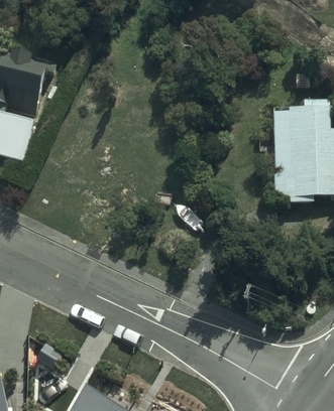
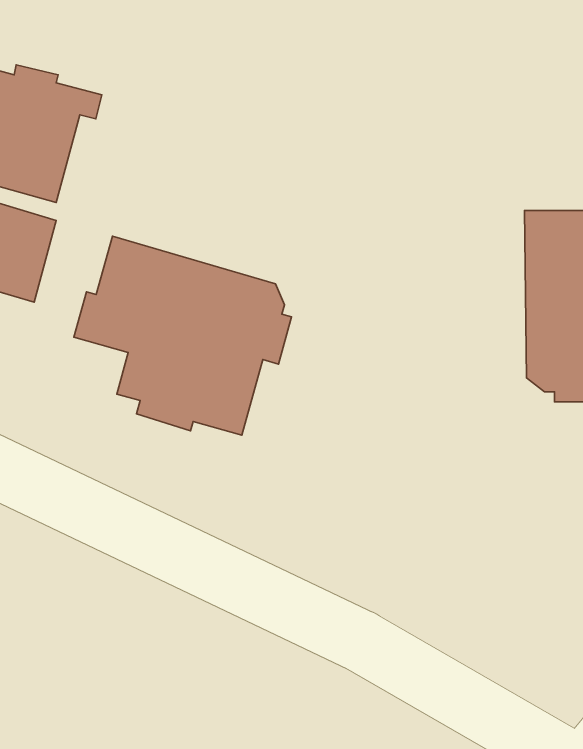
building: none -> [74,236,292,435]

